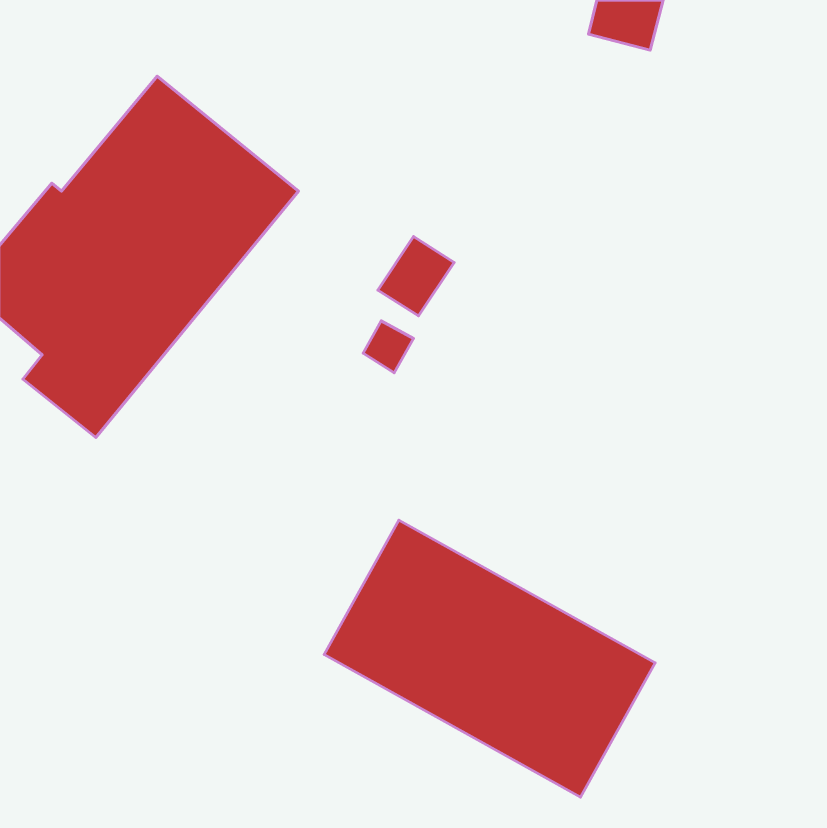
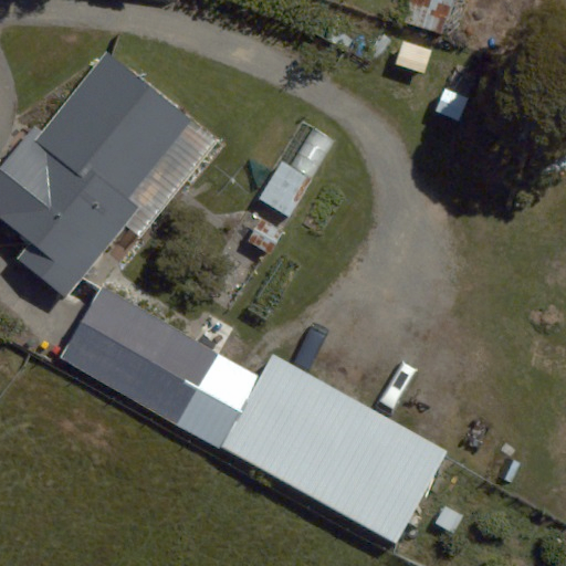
building: none -> [57,286,256,446]

